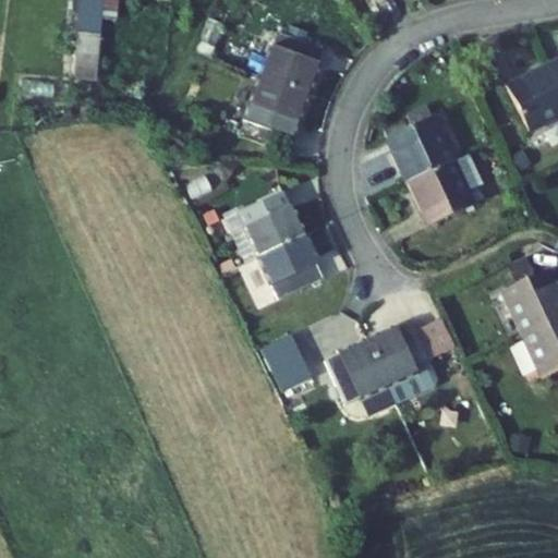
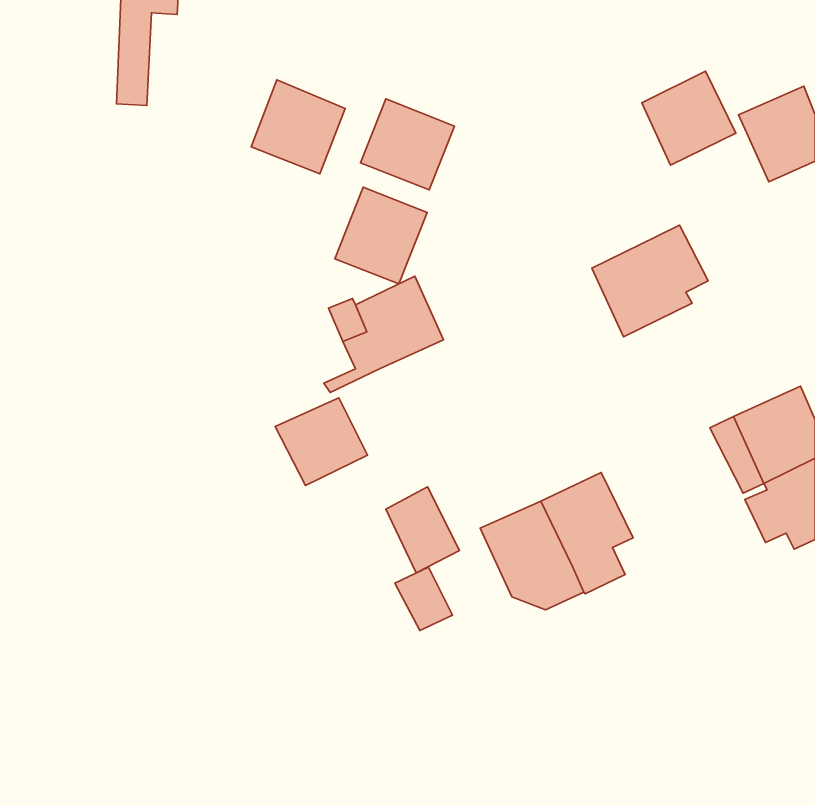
building: [264,22,328,86] -> [251,80,345,174]
building: [385,119,449,183] -> [642,71,736,165]
building: none -> [335,187,427,284]
building: [259,232,323,292] -> [275,398,368,486]
building: none -> [395,567,452,630]

